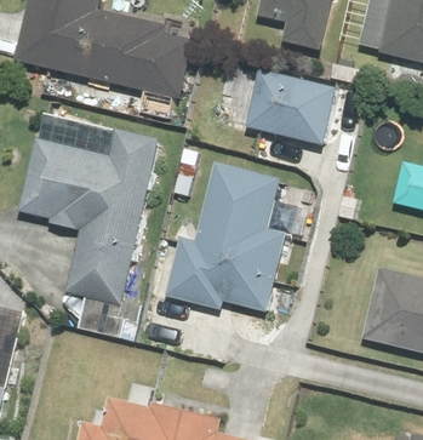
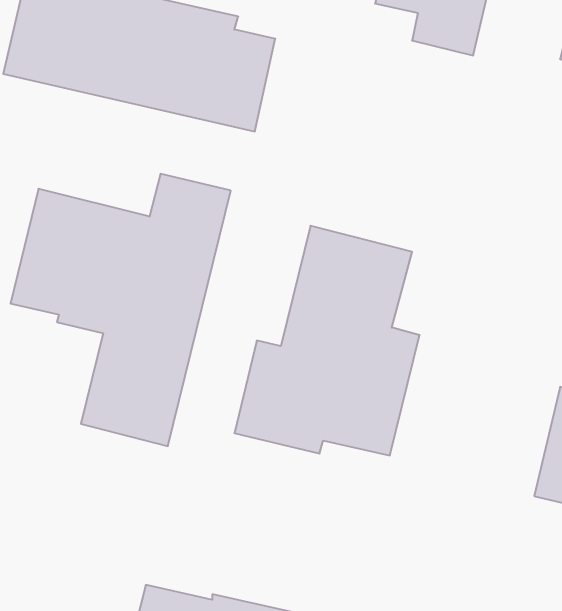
building: [245,69,336,145] -> none

